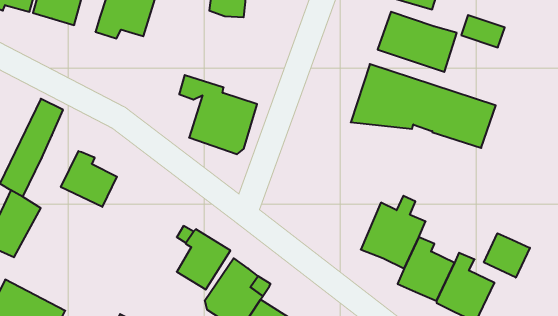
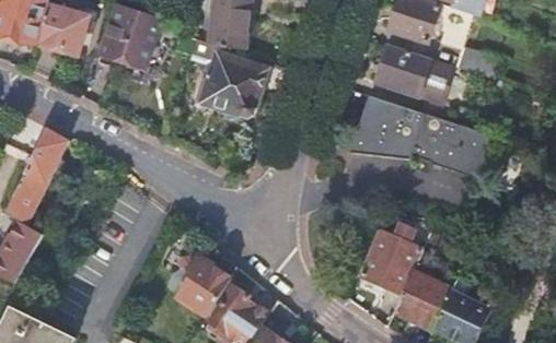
building: [179,75,257,154] -> [190,40,267,118]
building: [61,151,117,207] -> none
building: [484,233,530,278] -> none

